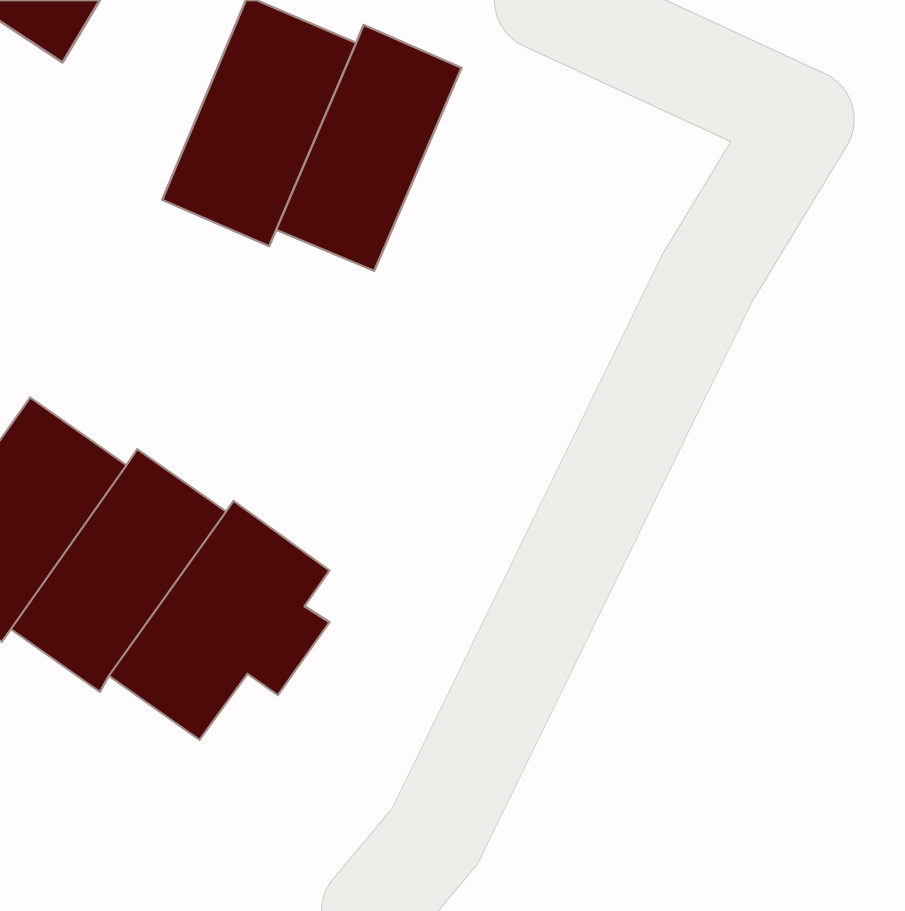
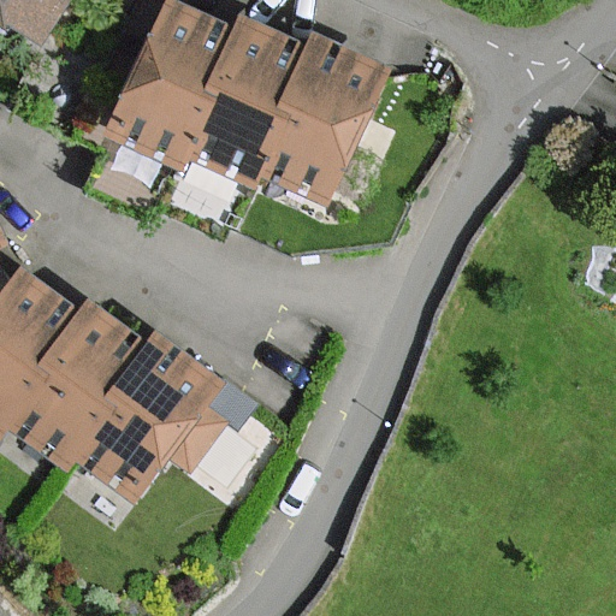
building: none -> [257,36,387,202]

